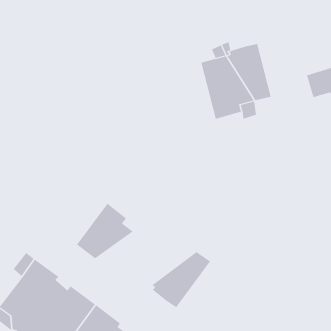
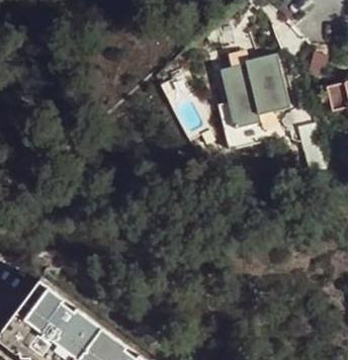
building: [76,203,134,259] -> none
building: [151,251,211,308] -> none

